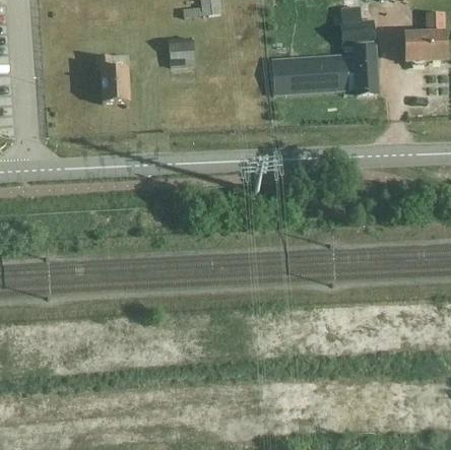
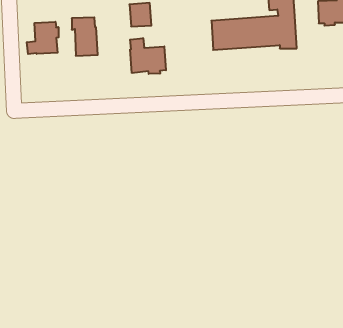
building: none -> [27,22,59,54]
building: none -> [130,38,166,74]

